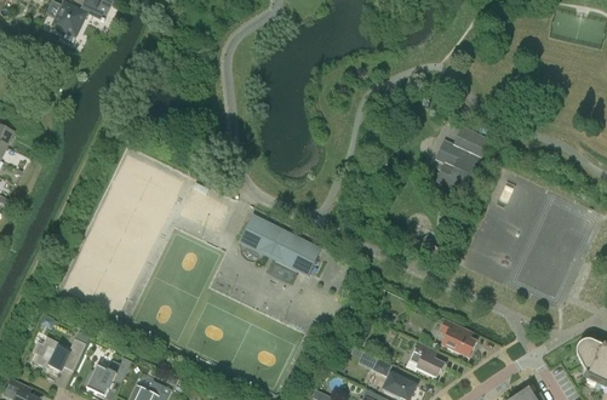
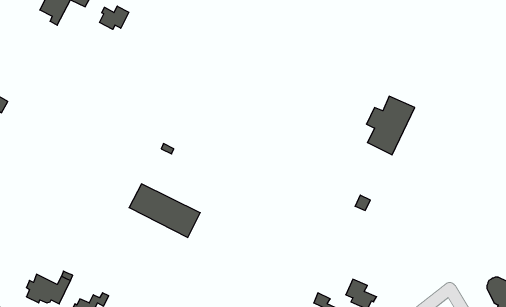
building: none -> [100,6,129,29]
building: [237,213,321,276] -> [129,184,200,237]
building: [440,319,476,358] -> none

